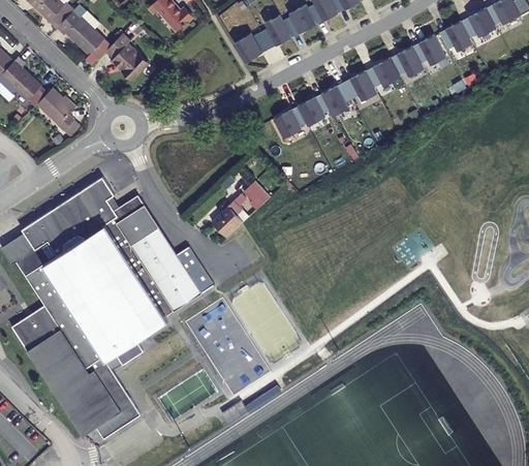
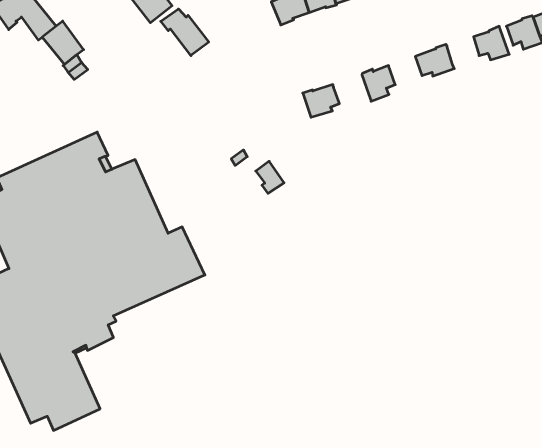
building: [391,45,423,75] -> none
building: none -> [161,9,209,56]
building: [343,70,376,100] -> none
building: [297,94,330,125] -> none
building: [211,193,249,237] -> none

